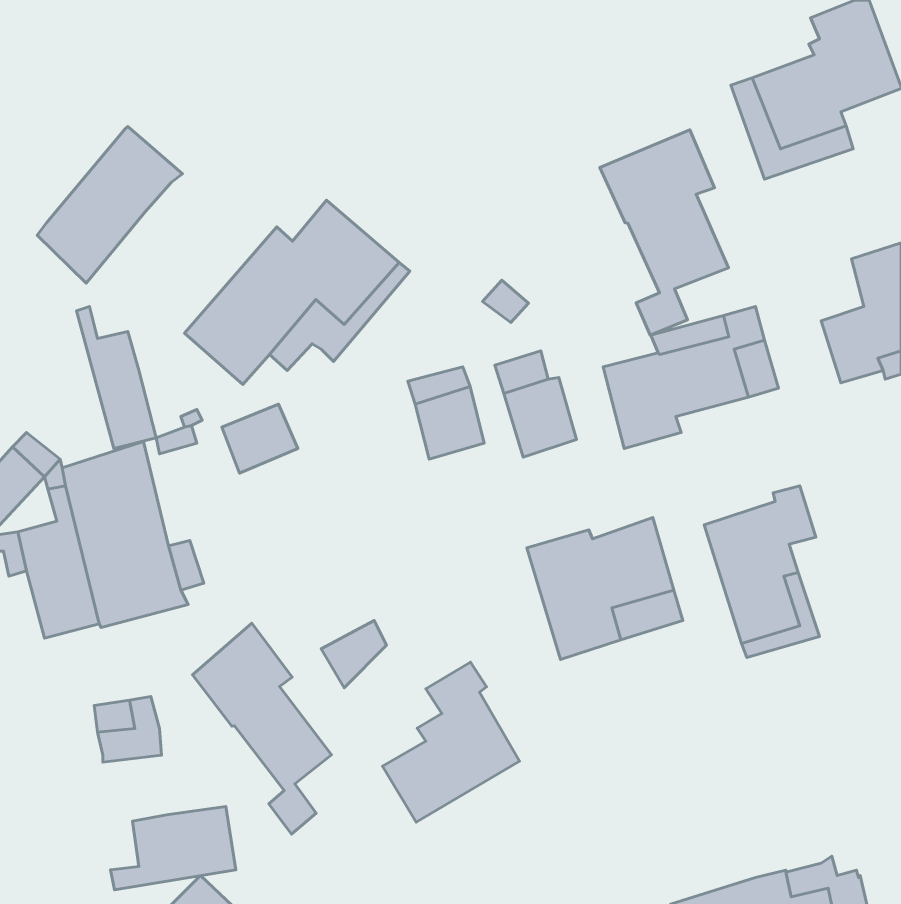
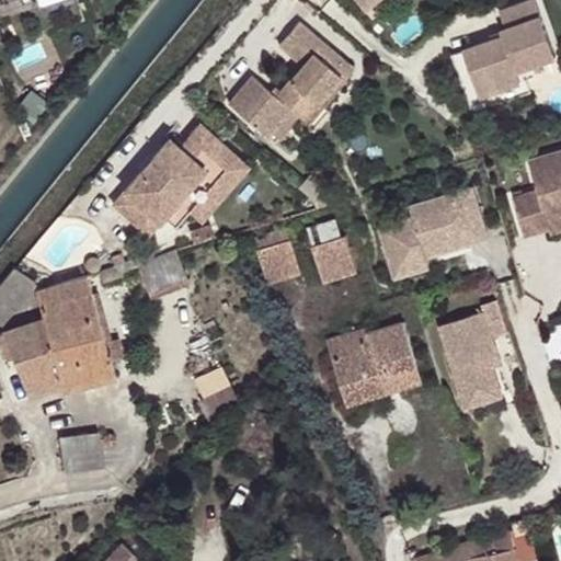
building: none -> [232,22,342,134]
building: [37,127,182,283] -> none
building: [600,130,728,335] -> none
building: [76,306,156,448] -> none
building: [192,623,331,834] -> none
building: [382,662,519,822] -> none
building: [110,806,236,890] -> none

